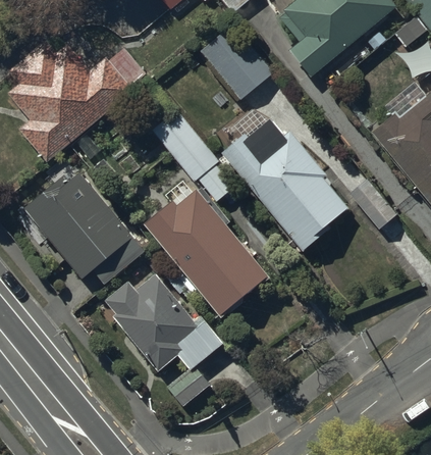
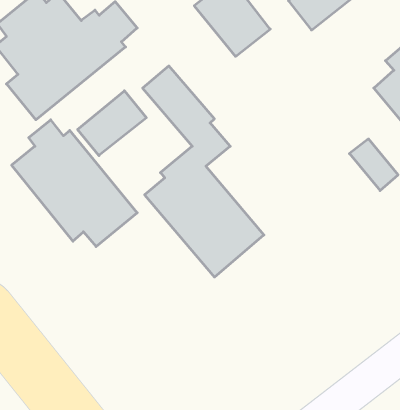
building: [222,118,348,250] -> none
building: none -> [78,91,146,156]
building: [106,272,224,407] -> none

